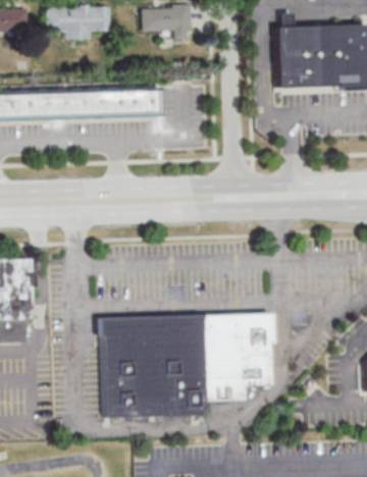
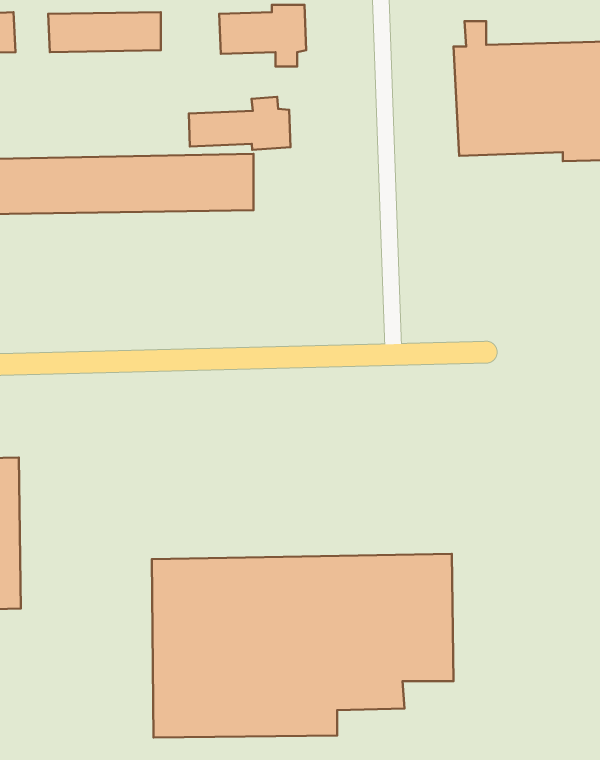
building: none -> [189,97,291,150]

